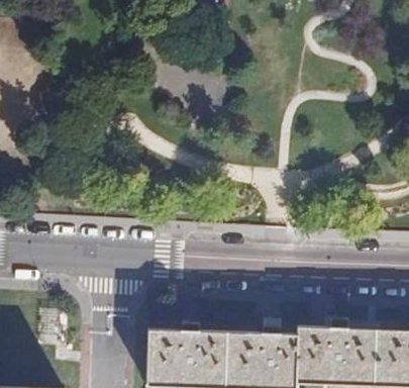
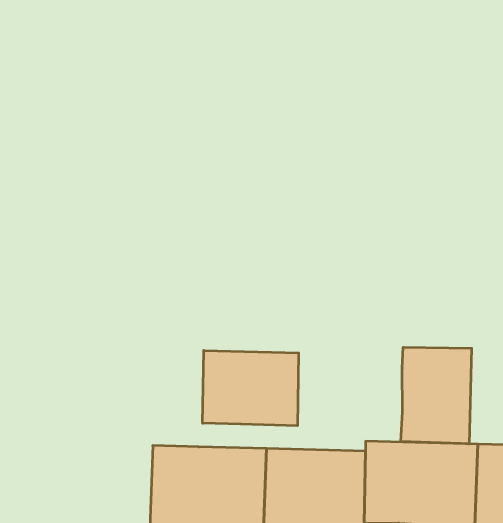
building: none -> [401,347,472,444]
building: none -> [203,350,299,426]

